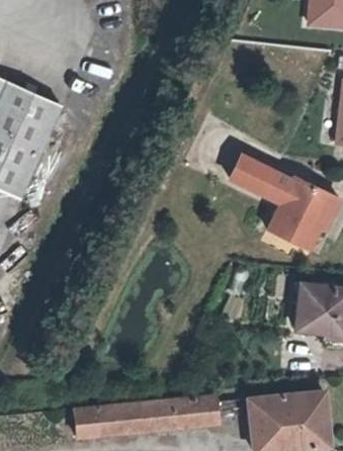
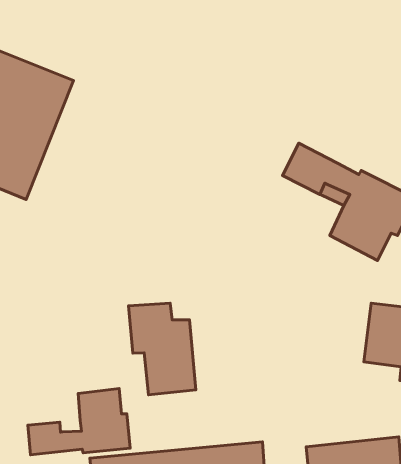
building: none -> [129,303,196,395]
building: none -> [28,389,130,455]

